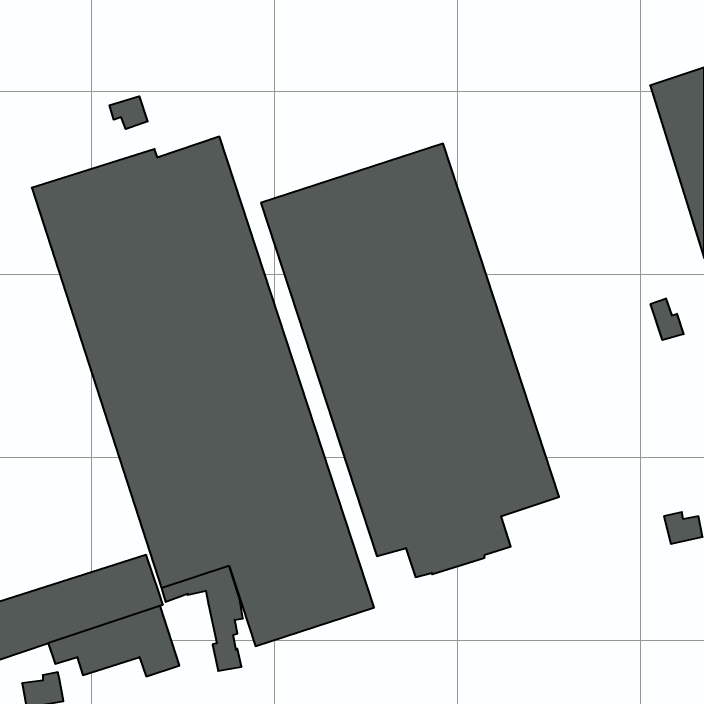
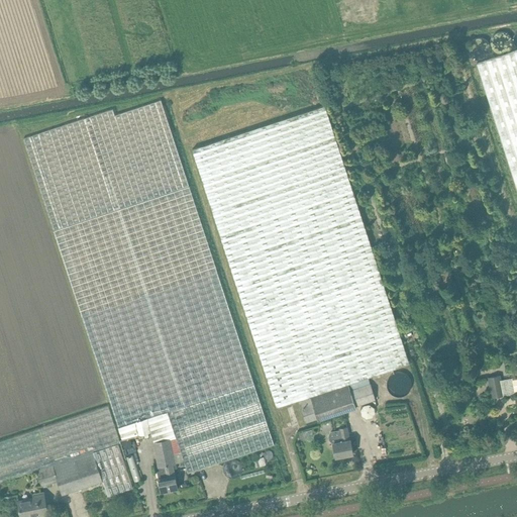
building: [109,96,148,129] -> none
building: [651,298,684,340] -> none
building: none -> [327,428,351,457]

